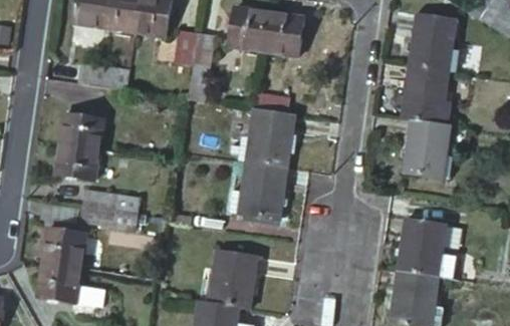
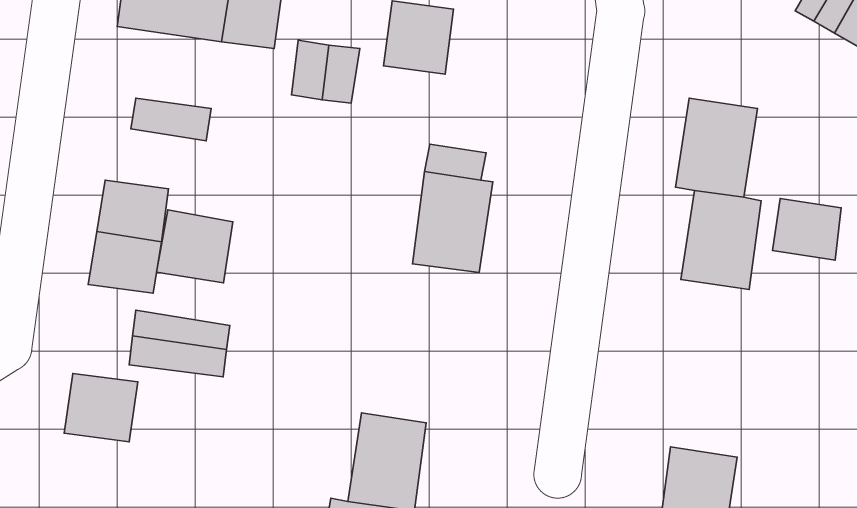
building: [266,13,304,56] -> none
building: [410,14,457,71] -> none
building: none -> [773,199,841,260]
building: none -> [157,210,233,283]
building: [239,162,286,219] -> none
building: [399,218,445,276] -> none
building: [38,262,80,301] -> none

